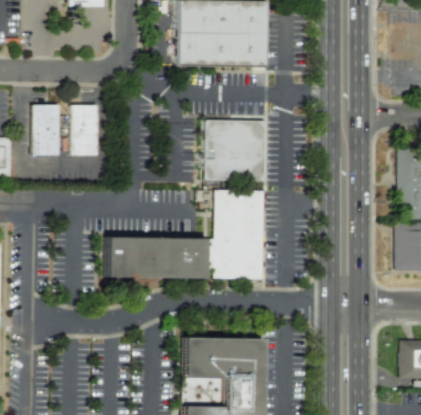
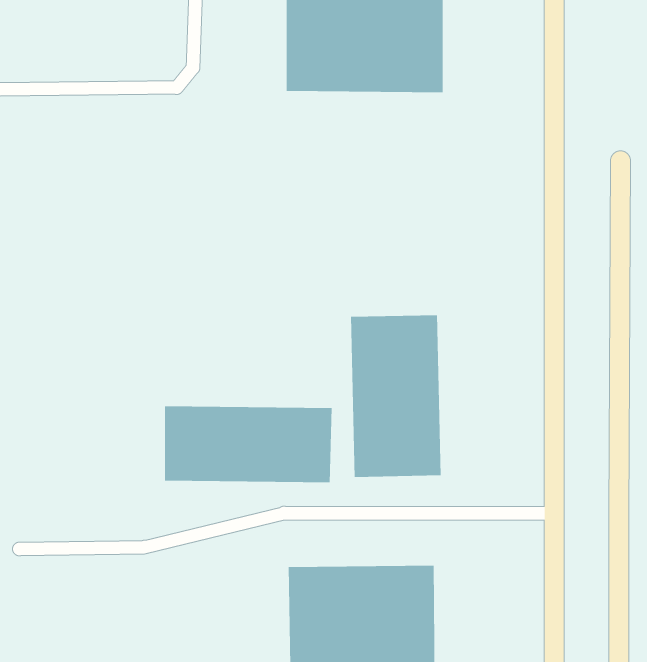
building: [31,104,57,153] -> none
building: [71,104,97,156] -> none
building: [205,122,270,187] -> none

